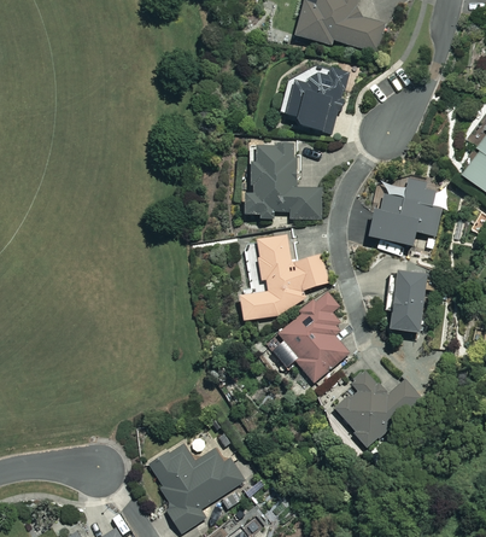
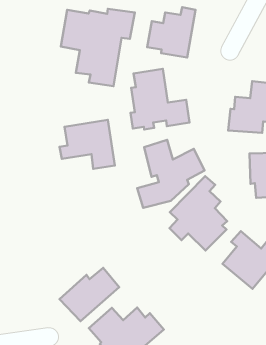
building: none -> [61,9,135,86]
building: none -> [60,120,115,169]
building: none -> [60,268,119,321]

